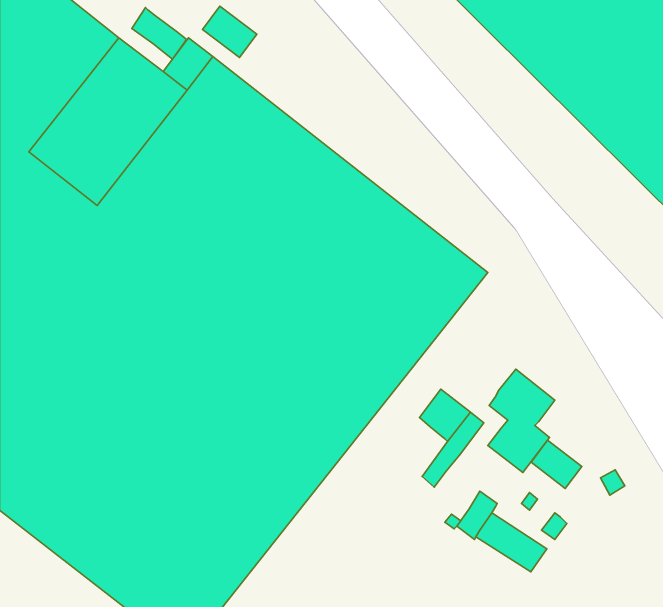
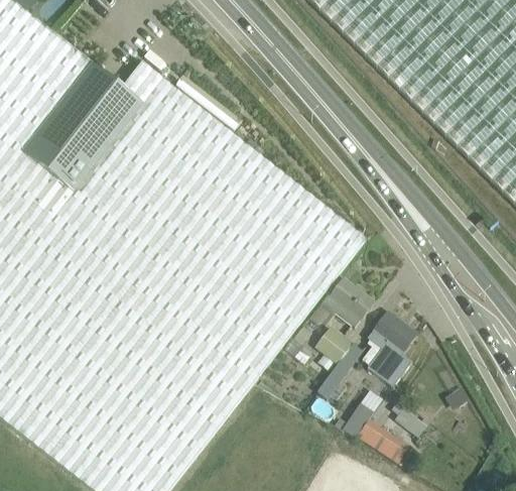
building: [203,6,257,58] -> none
building: [132,7,186,59] -> none
building: none -> [310,277,374,326]
building: [531,440,582,489] -> none

